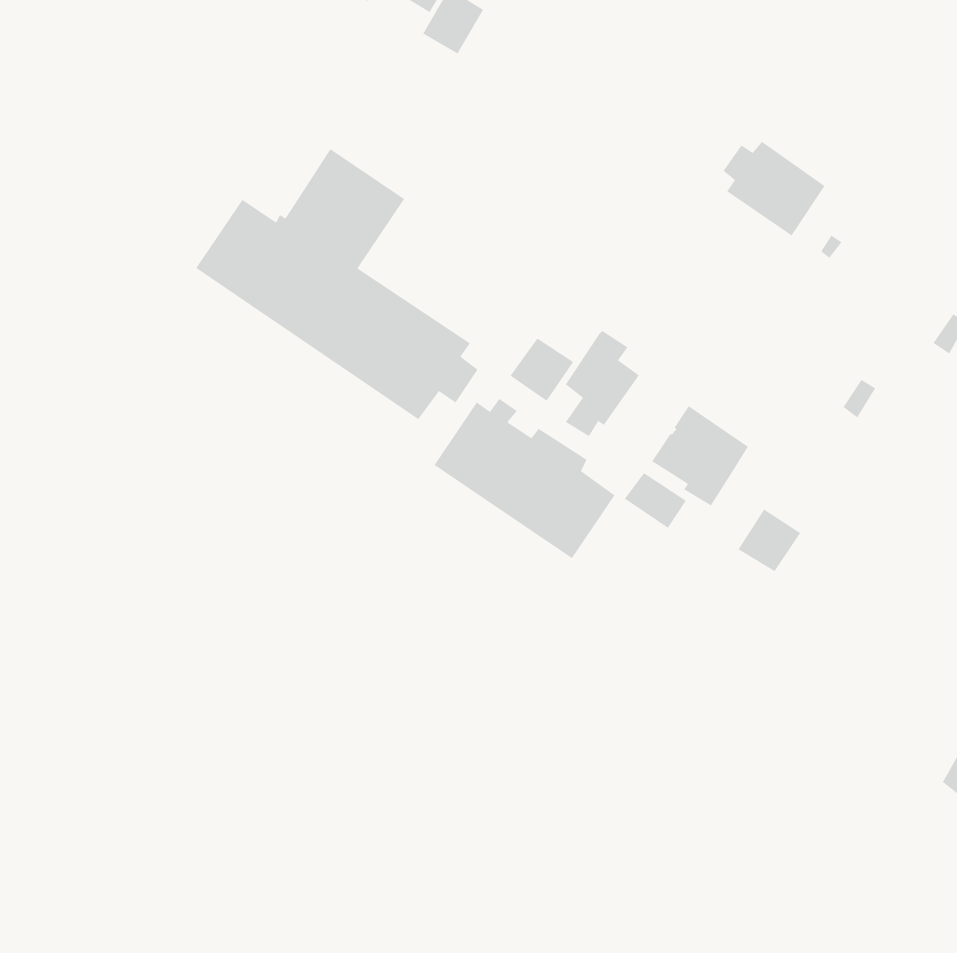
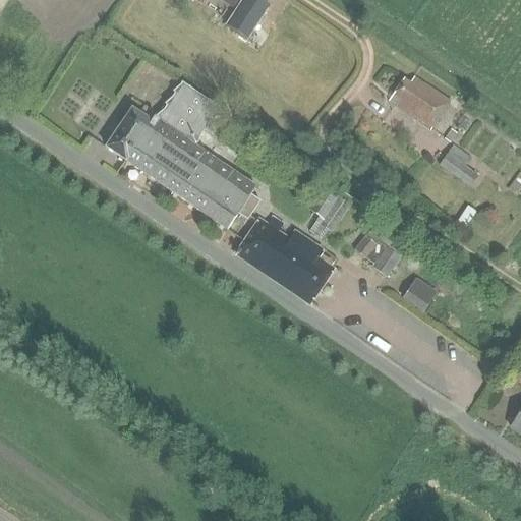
building: none -> [438,143,477,185]
building: [509,338,574,402] -> none
building: [624,472,687,529] -> none

